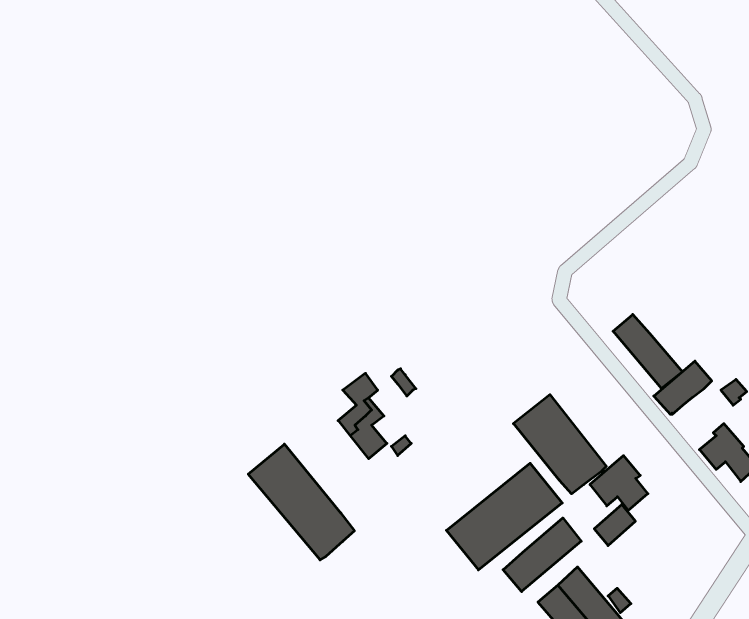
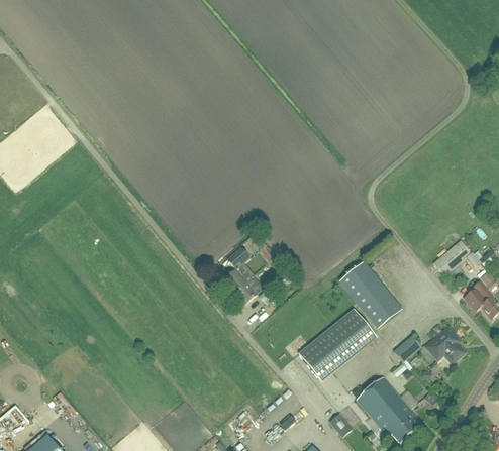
building: [613,314,682,388] -> none
building: [248,444,354,560] -> none
building: [590,456,648,510] -> [426,327,465,363]
building: [503,518,581,592] -> none

